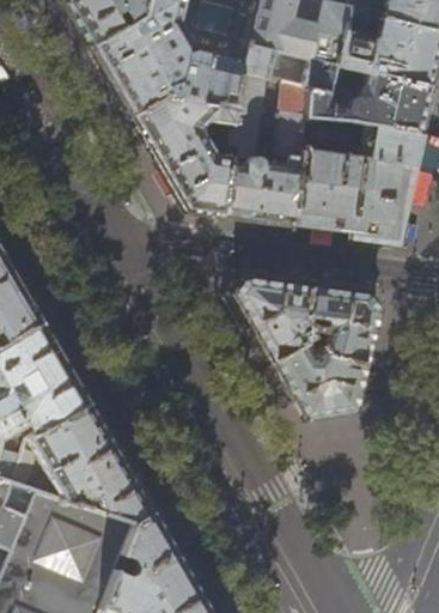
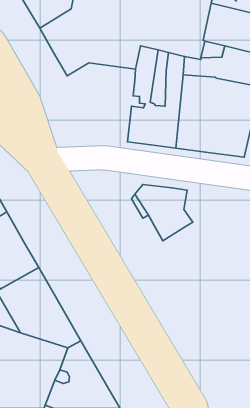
building: [132,97,233,214] -> none
building: [274,286,379,417] -> none

